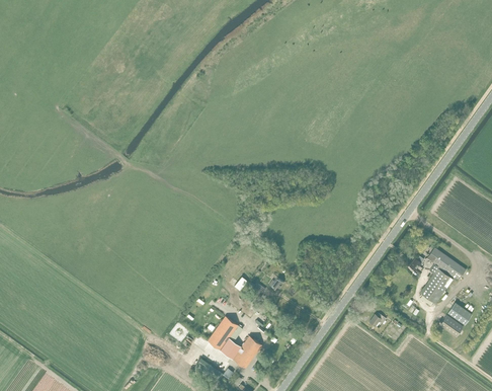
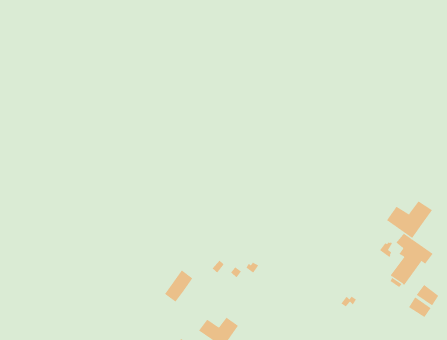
building: none -> [386,200,433,239]
building: [208,315,238,349] -> [164,270,193,303]

